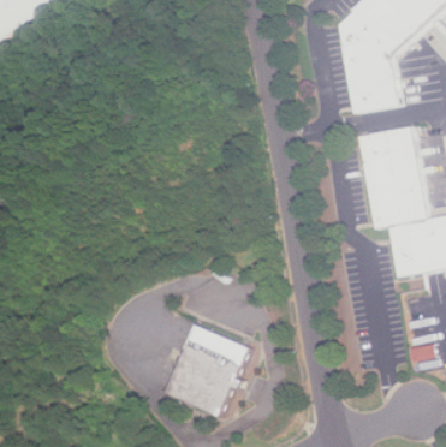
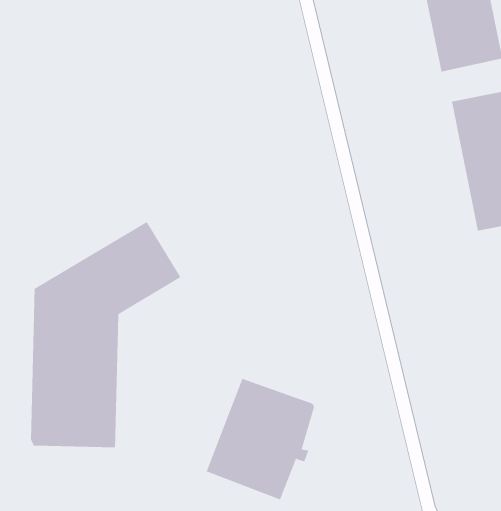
building: none -> [30,221,181,448]

